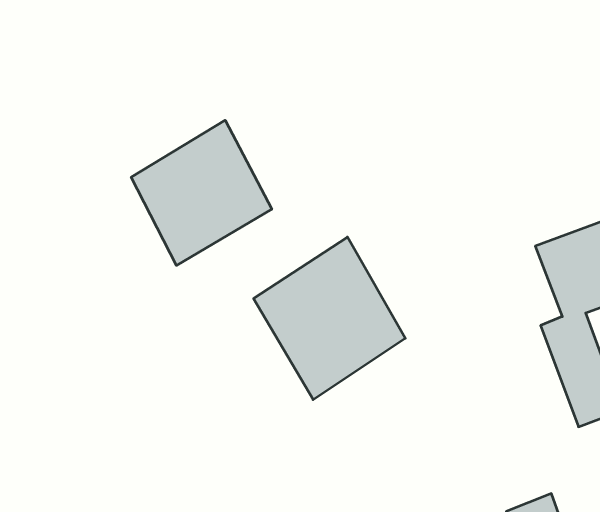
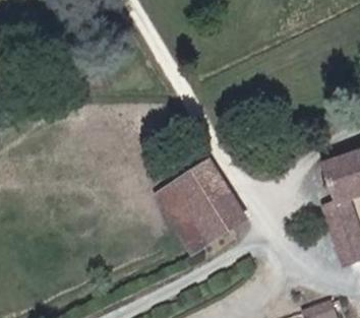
building: [131,120,272,265] -> none

